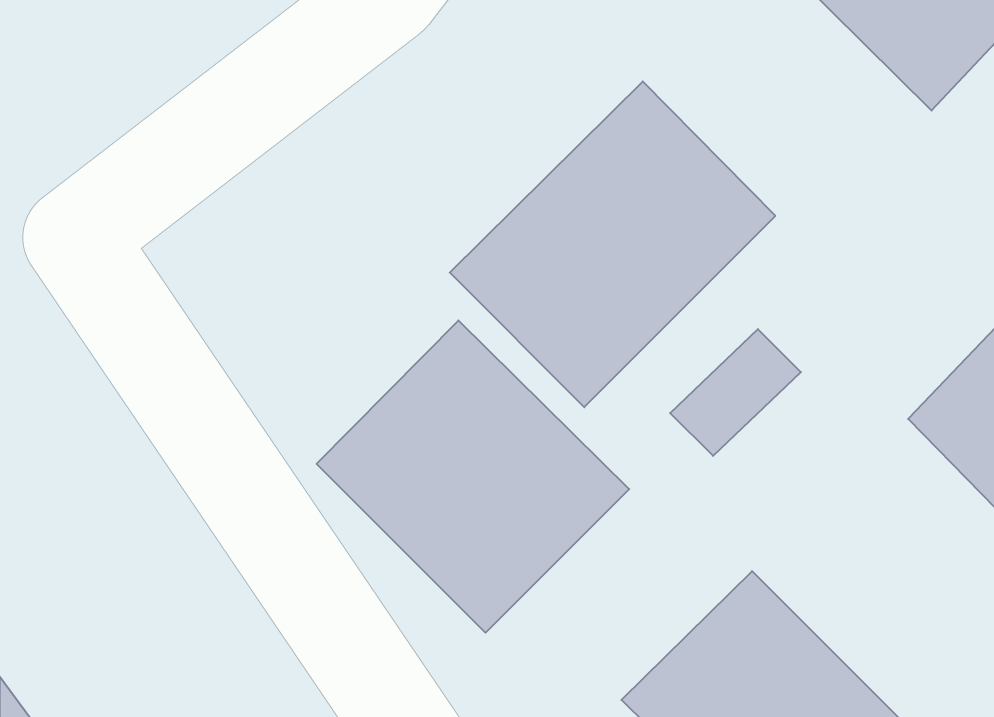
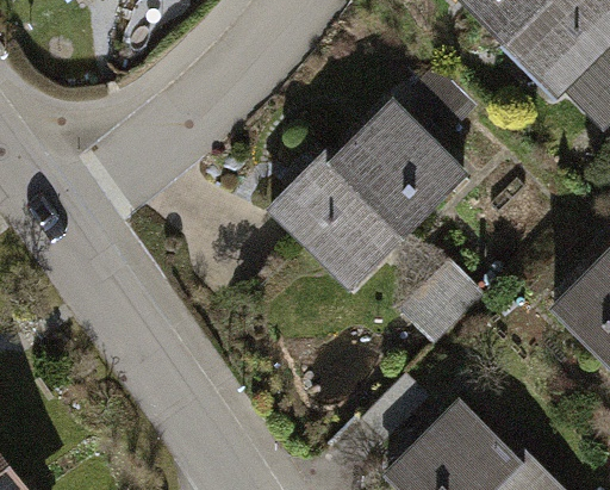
building: [317,320,629,633] -> none

